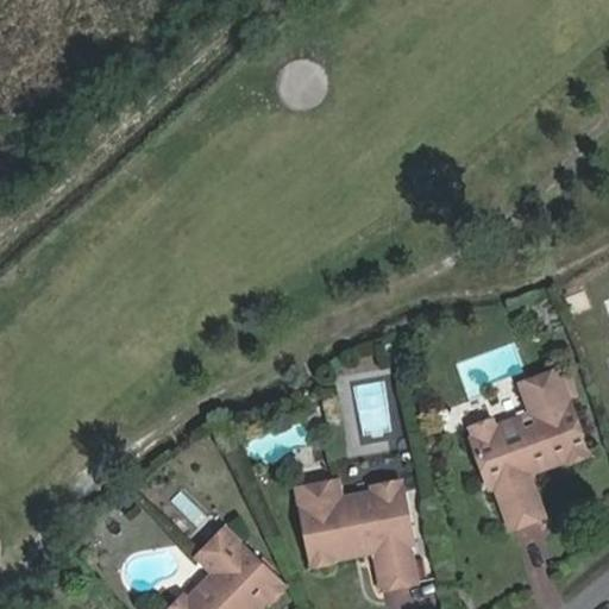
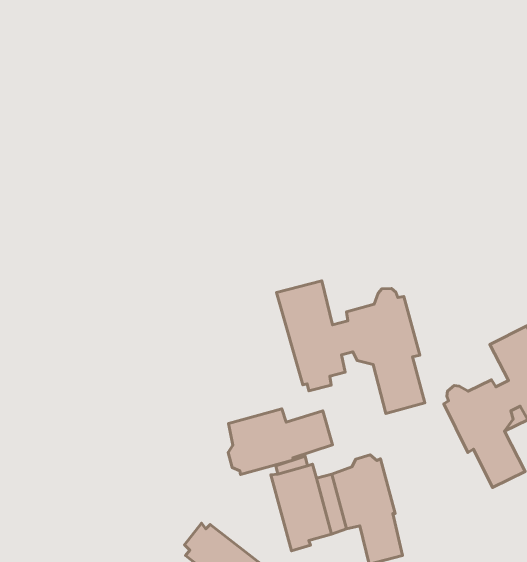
building: none -> [277,281,425,413]
building: none -> [228,409,333,475]

